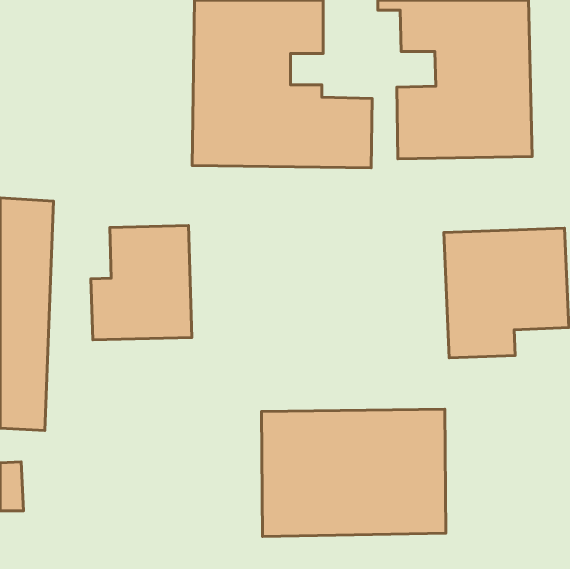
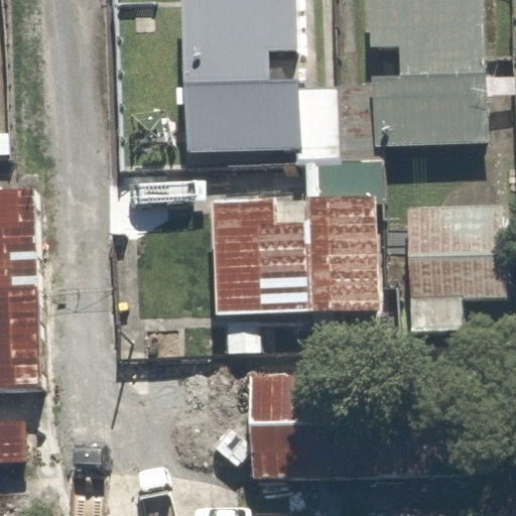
building: none -> [206,161,380,314]
building: [91,226,192,340] -> none

